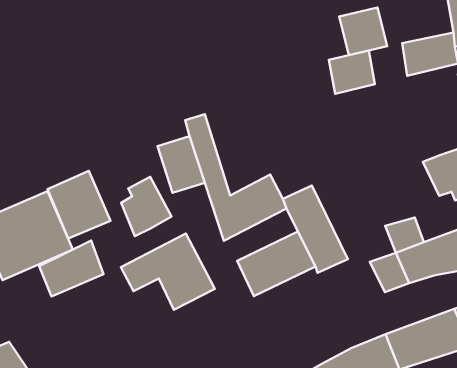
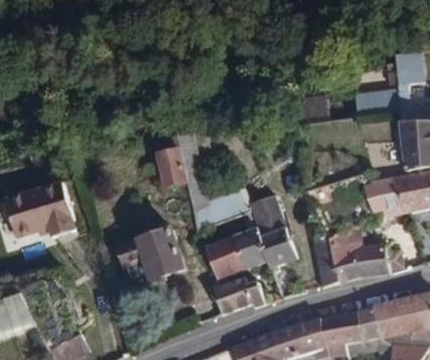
building: [339,7,387,55] -> none
building: [47,171,111,238] -> none
building: [121,177,171,236] -> none
building: [39,241,103,297] -> none
building: none -> [214,284,262,315]

